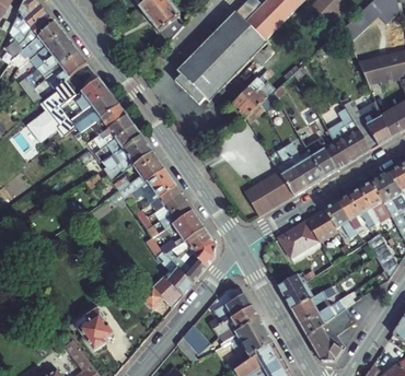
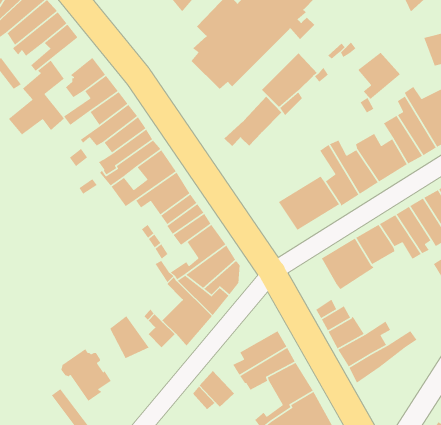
building: none -> [357,52,401,100]
building: none -> [224,96,282,147]
building: none -> [109,315,150,359]
building: [306,308,356,362] -> none

